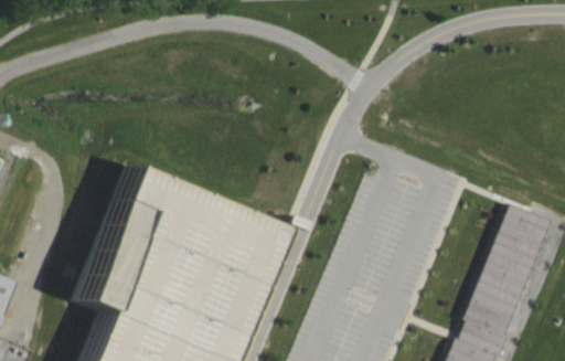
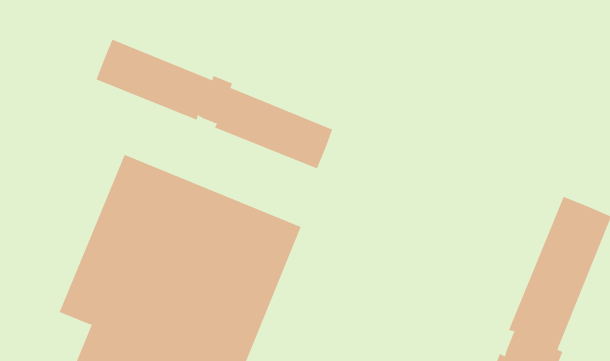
building: none -> [96,39,333,169]

